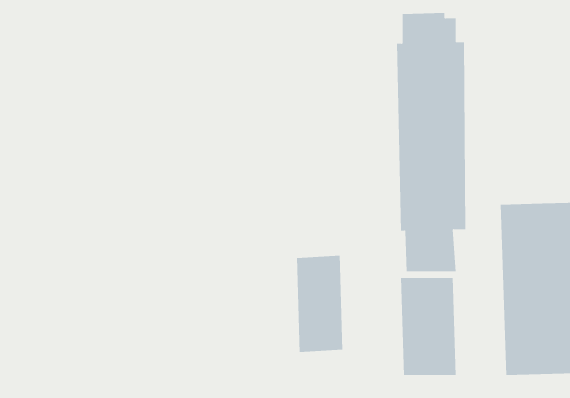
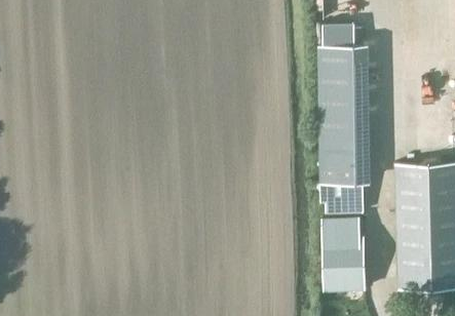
building: [297,255,343,353] -> none

